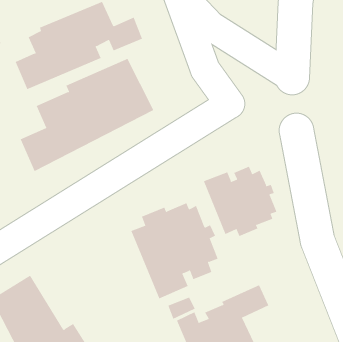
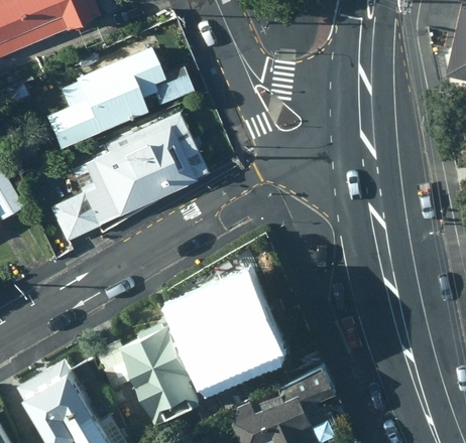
building: [203,166,277,237] -> none
building: none -> [99,317,202,427]

